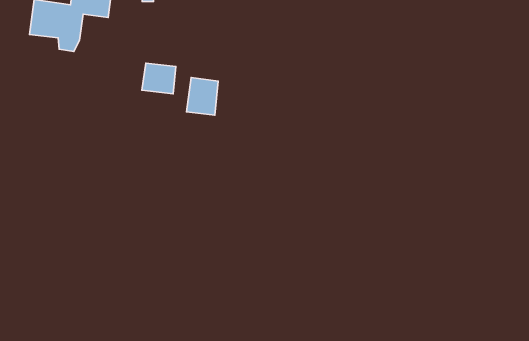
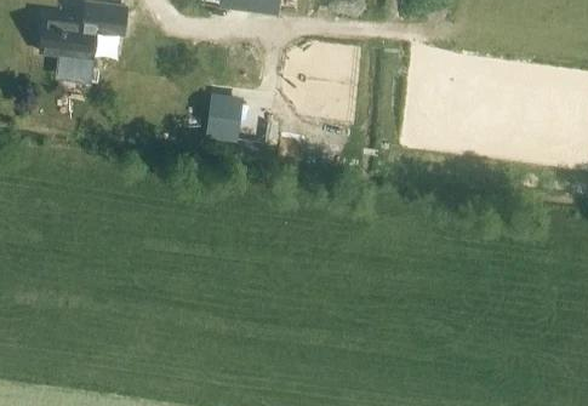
building: [142,63,176,94] -> none

